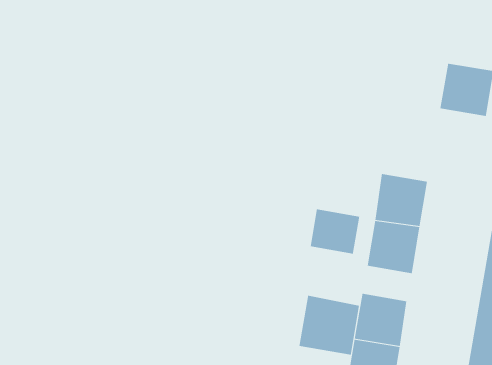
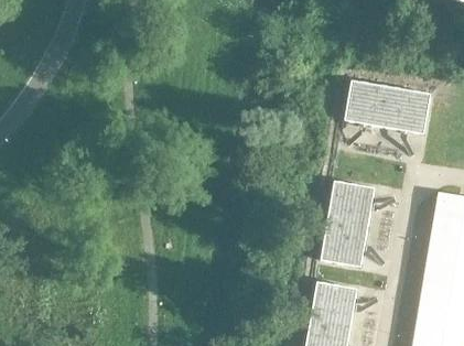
building: none -> [346,80,391,126]
building: [310,209,360,254] -> none
building: [299,295,360,356] -> none

